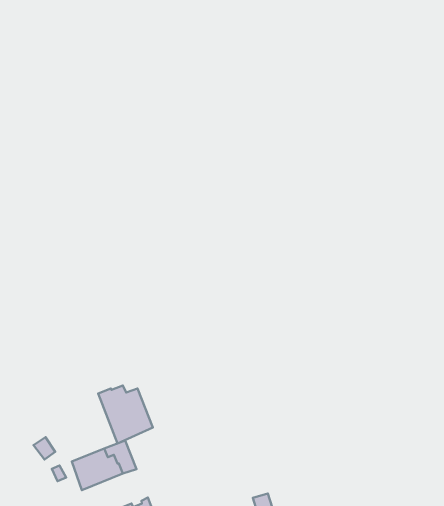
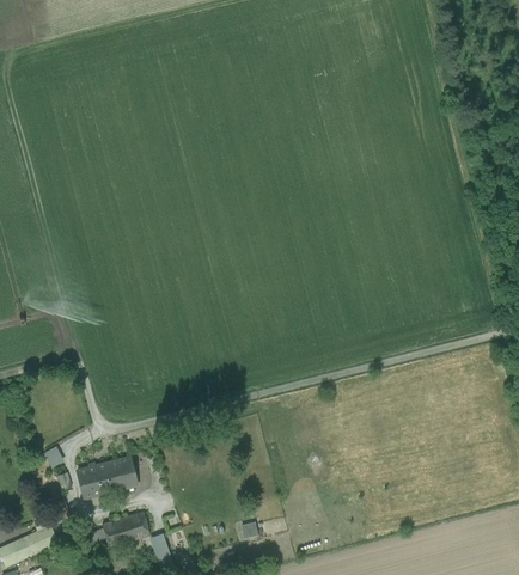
building: [98,385,153,443] -> none

